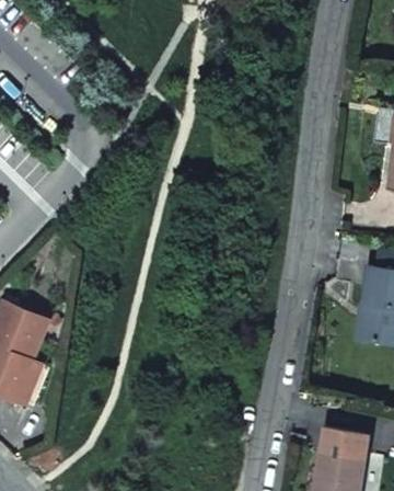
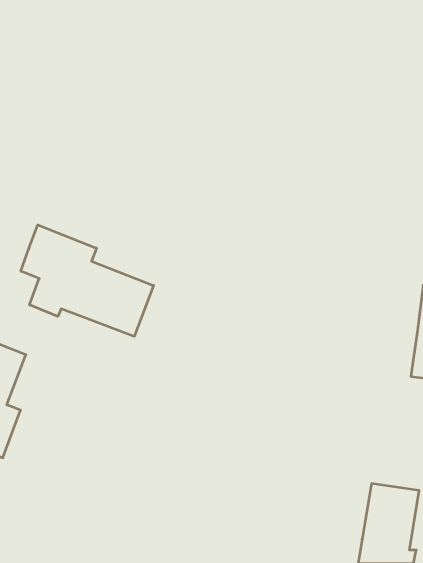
building: none -> [21,225,154,336]

